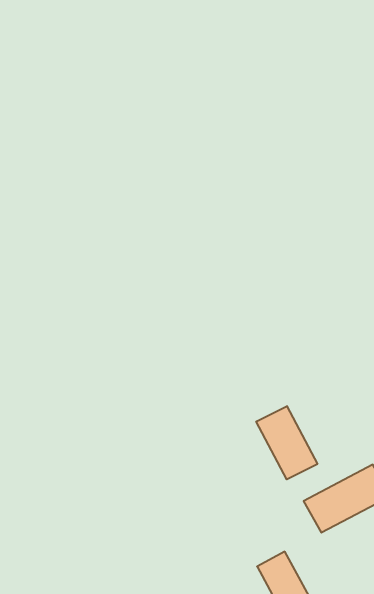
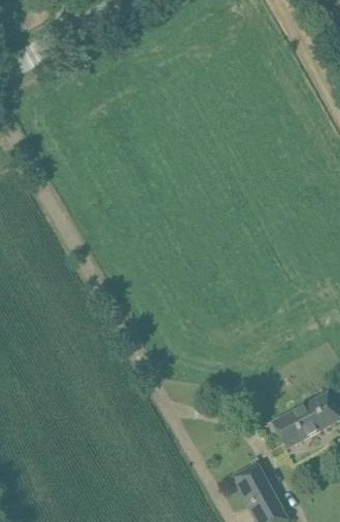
building: [256,406,317,479] -> none

